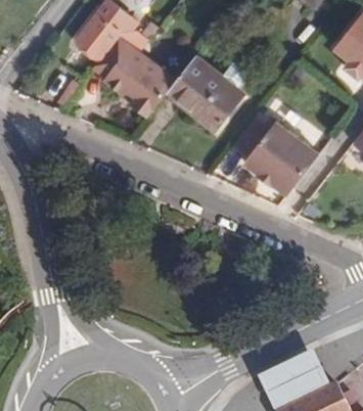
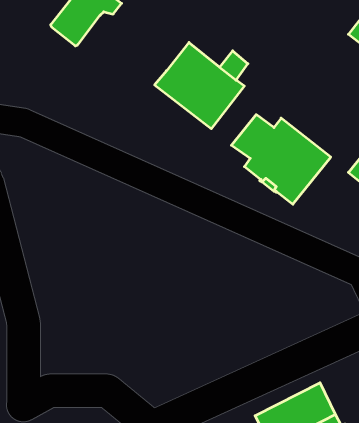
building: [93,31,177,116] -> none

